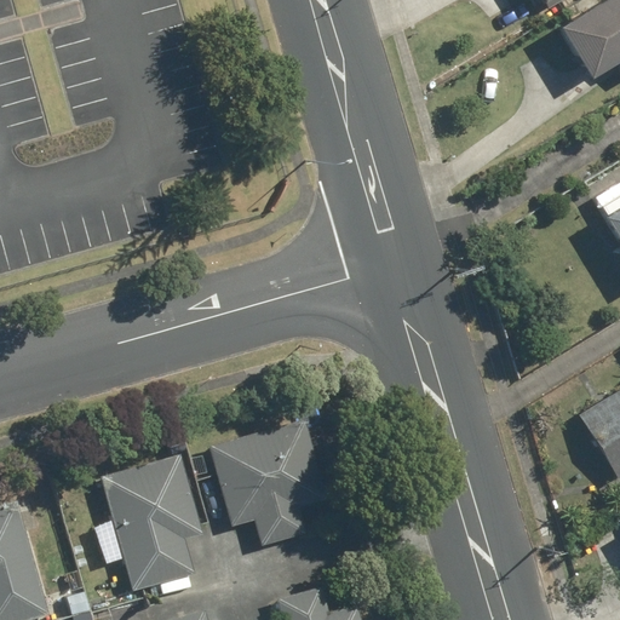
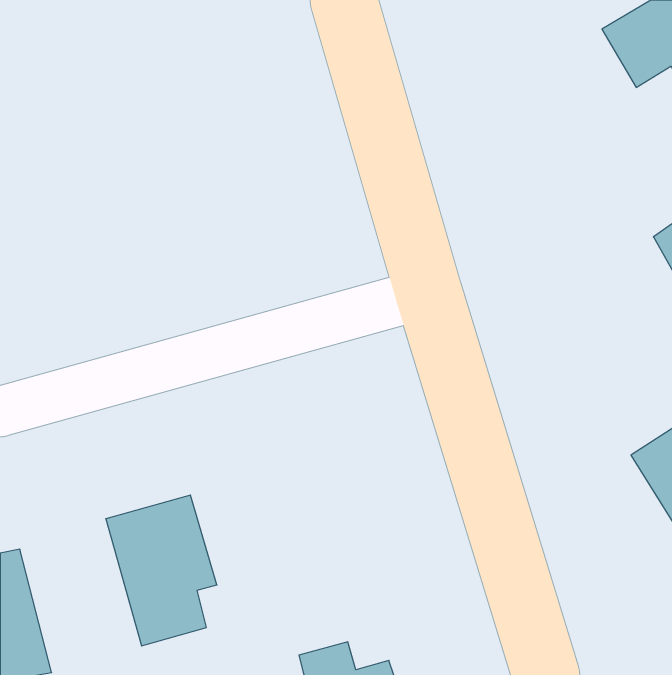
building: [209,419,329,546] -> none

